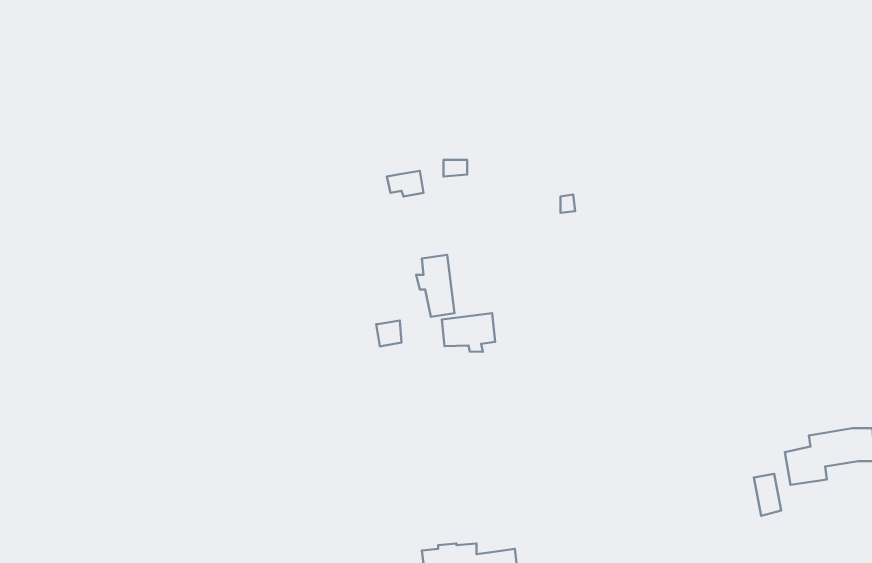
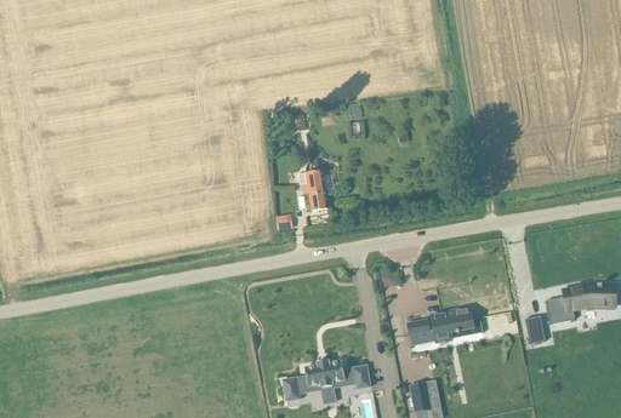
building: [442,313,495,352] -> none
building: none -> [405,305,482,344]

